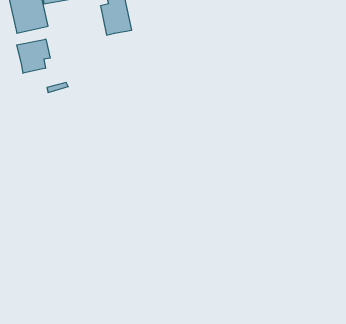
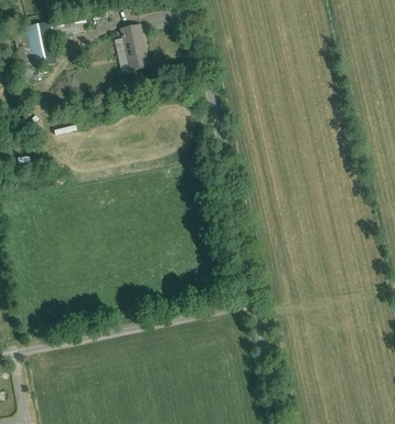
building: [17,39,50,73] -> none

